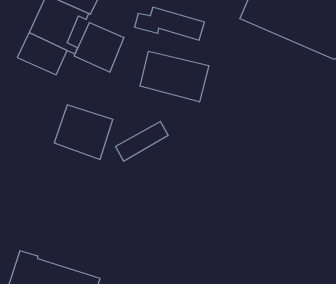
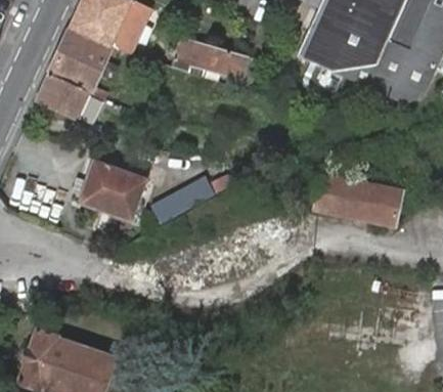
building: [74,22,124,72] -> none
building: [140,51,209,102] -> none
building: none -> [315,177,402,225]

